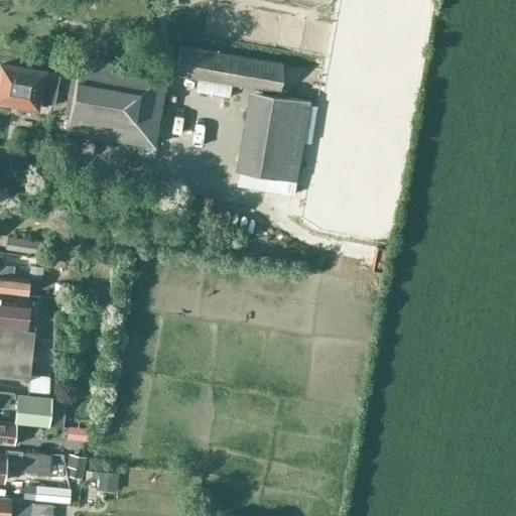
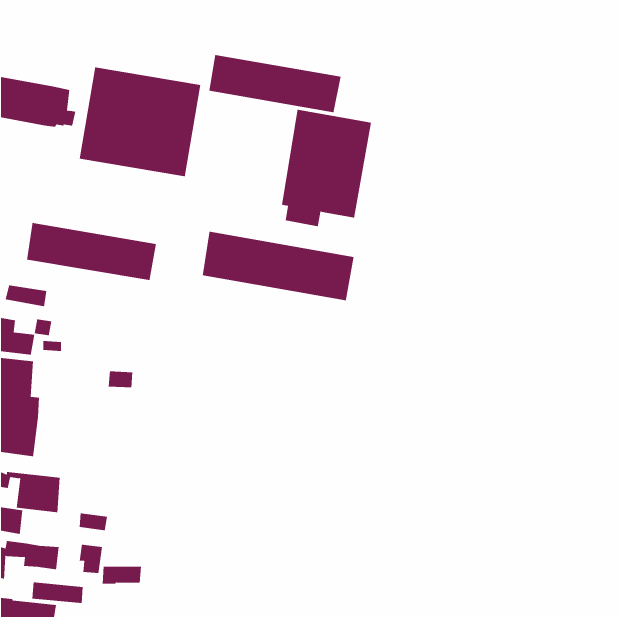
building: none -> [27,222,156,281]
building: none -> [202,231,354,301]

